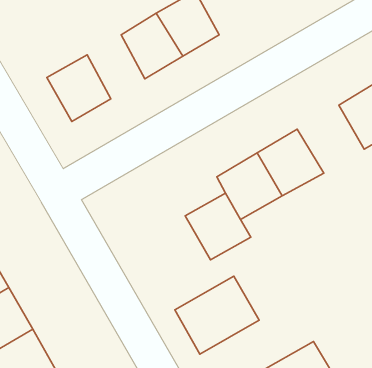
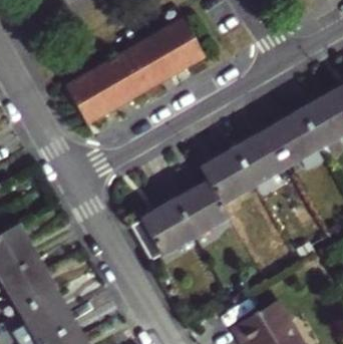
building: none -> [98,55,144,106]
building: none -> [266,111,319,165]
building: [175,276,259,354] -> [129,200,197,262]

